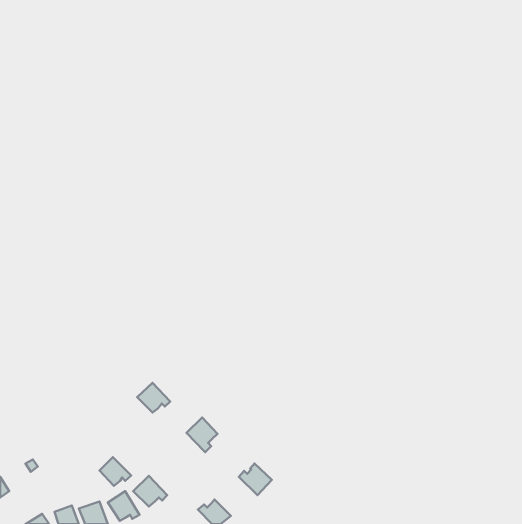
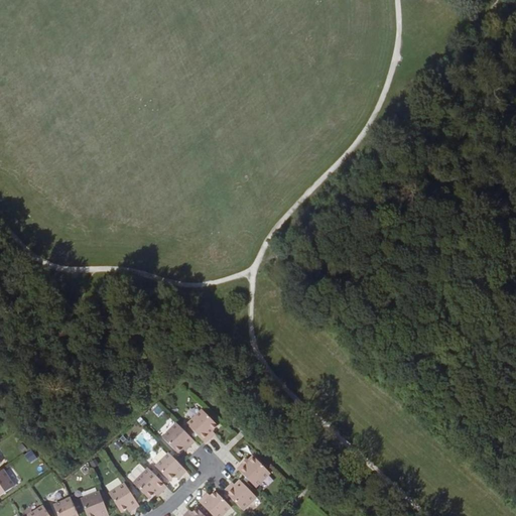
building: [137,383,170,413] -> [162,424,195,454]
building: [100,457,131,486] -> [155,454,186,482]
building: none -> [222,481,254,510]

